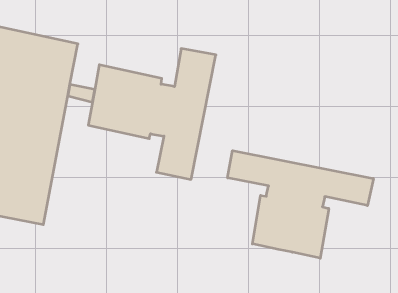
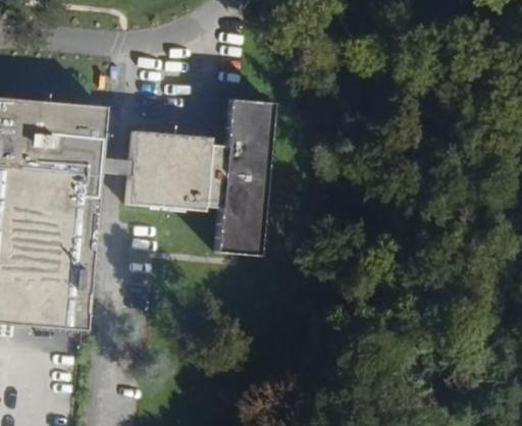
building: [228,151,373,258] -> none

